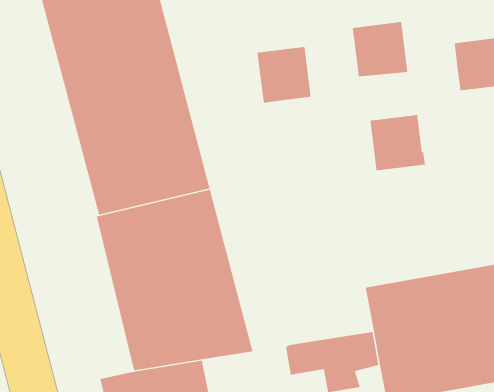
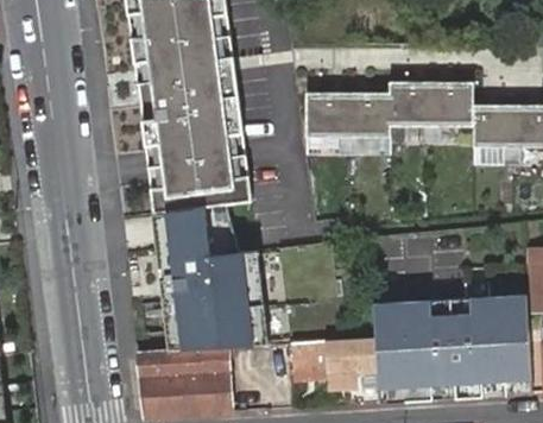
building: none -> [431,82,473,126]
building: [369,114,426,171] -> [347,93,390,137]

